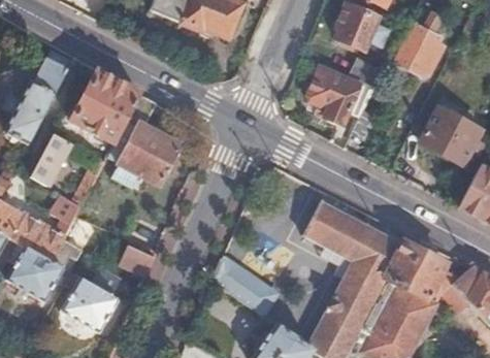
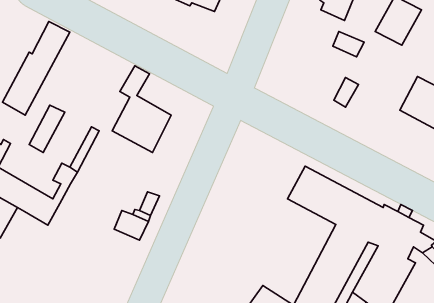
building: [306,64,359,123] -> none
building: [72,71,142,144] -> none
building: [7,238,85,302] -> none
building: [214,254,282,316] -> none
building: [63,279,119,333] -> none

